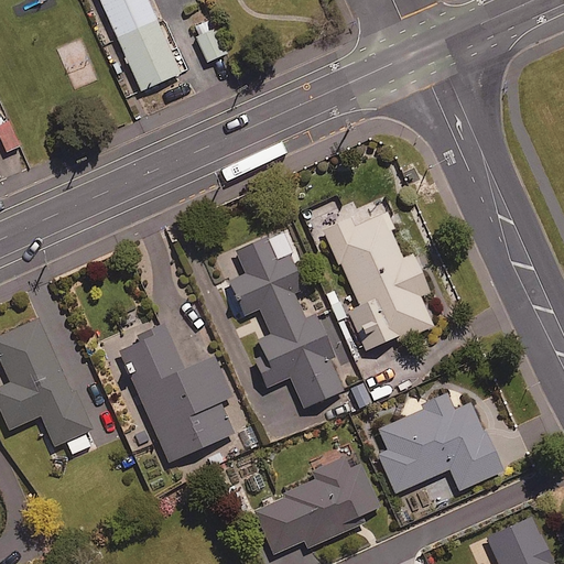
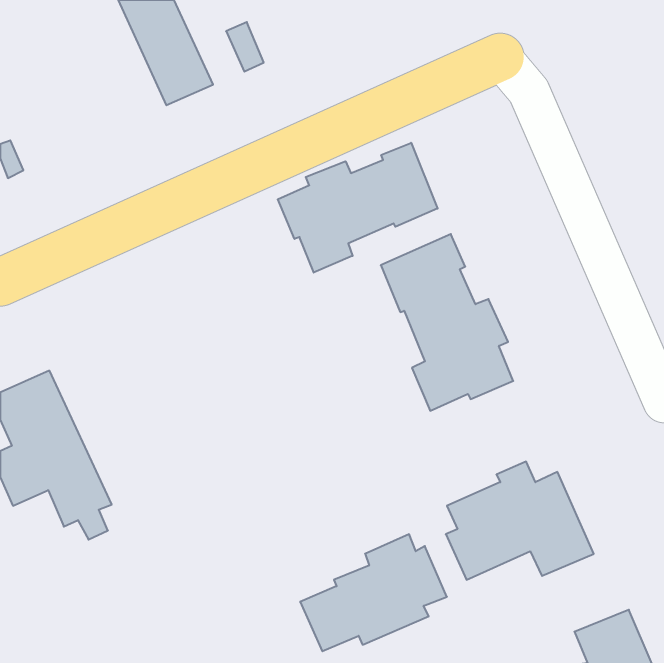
building: none -> [278,143,438,273]
building: [226,237,343,406] -> none
building: [120,324,232,460] -> none

